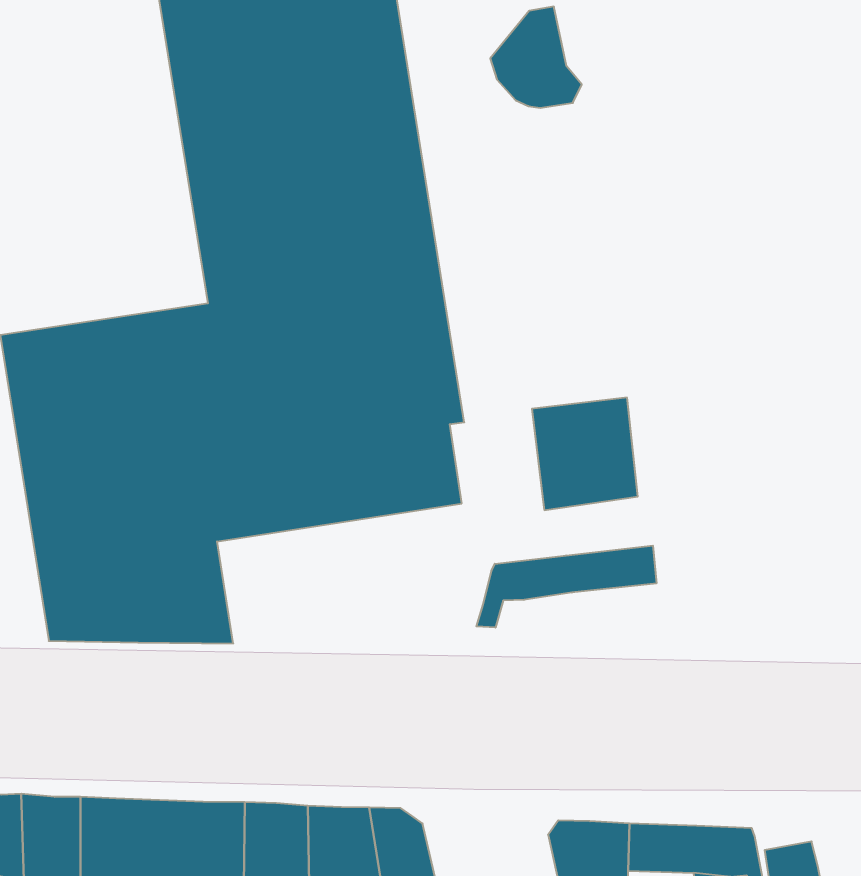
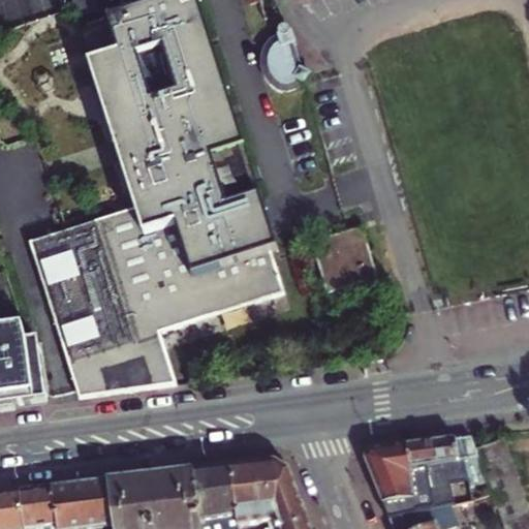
building: [476,546,656,628] -> none

